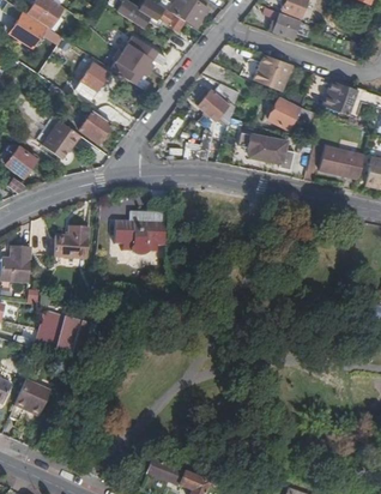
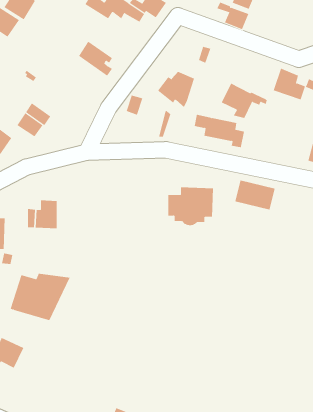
building: [121,35,165,70] -> none
building: [253,54,292,91] -> none
building: [75,62,109,100] -> none
building: [79,109,110,140] -> none
building: [319,146,364,180] -> [235,180,276,210]
building: [114,212,165,255] -> [167,187,214,226]

